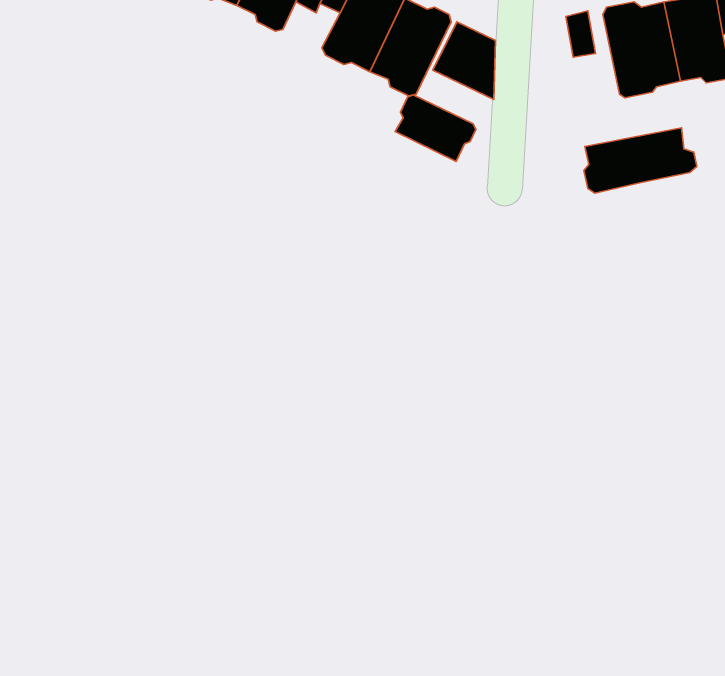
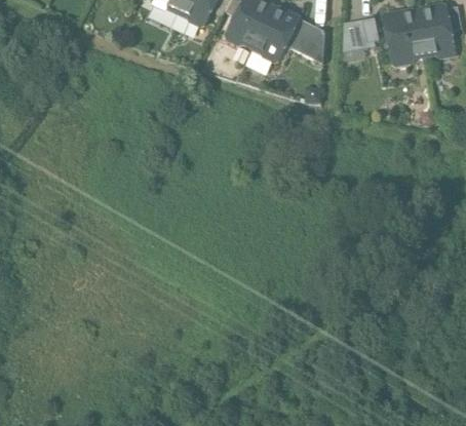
building: none -> [342,18,366,51]
building: [395,95,476,162] -> none
building: [584,128,697,193] -> none

